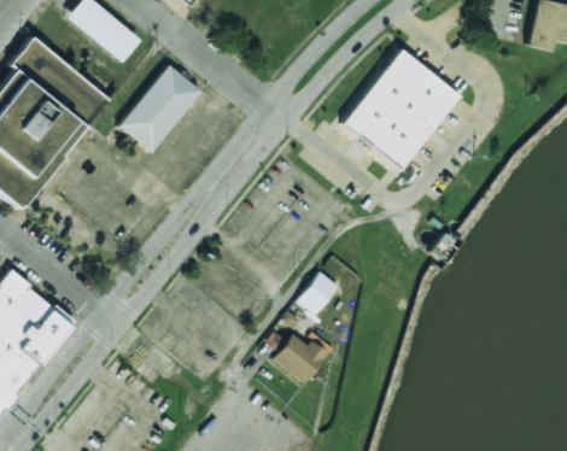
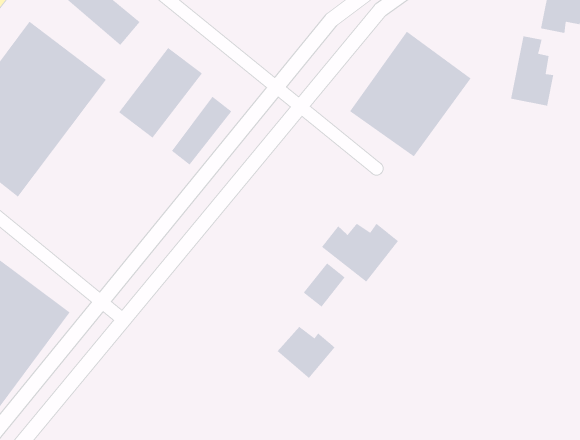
building: none -> [511,35,554,106]
building: none -> [171,96,232,166]
building: none -> [321,223,399,283]

